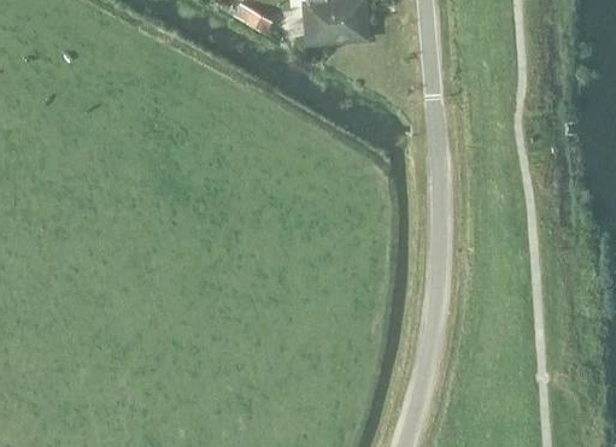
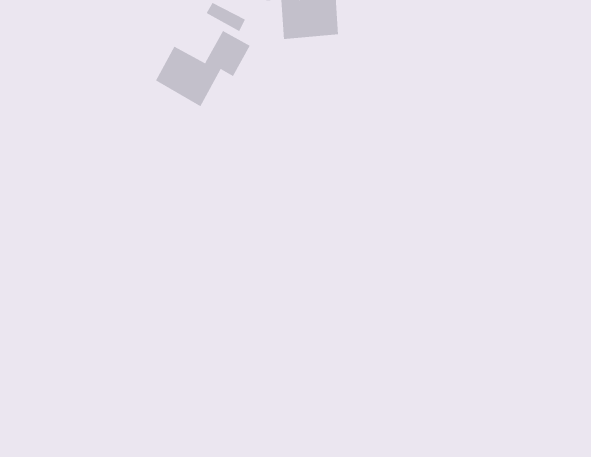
building: none -> [155,30,250,107]

